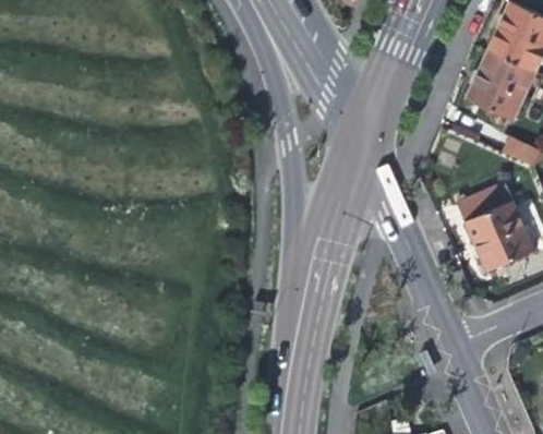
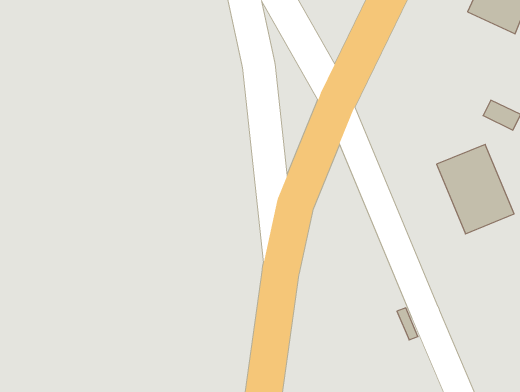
building: [467,51,534,120] -> none

